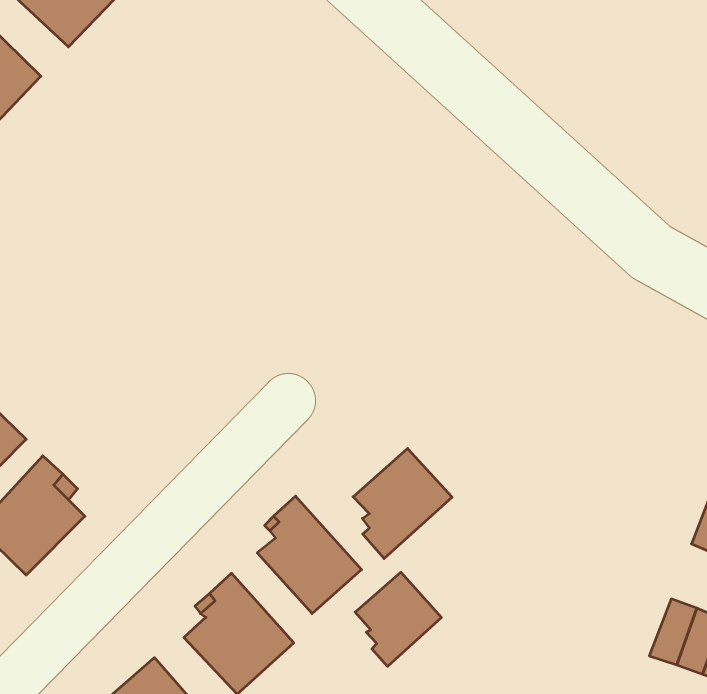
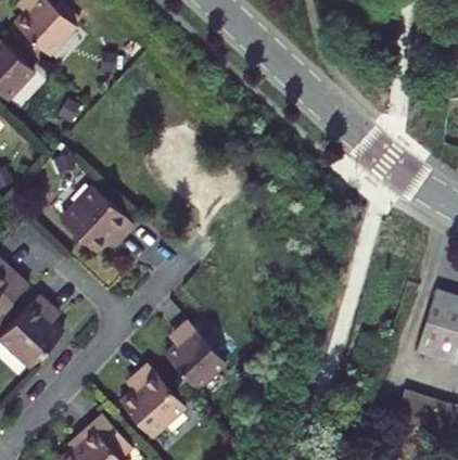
building: none -> [61,188,132,254]
building: [353,448,452,559] -> none
building: [355,572,441,666] -> none

